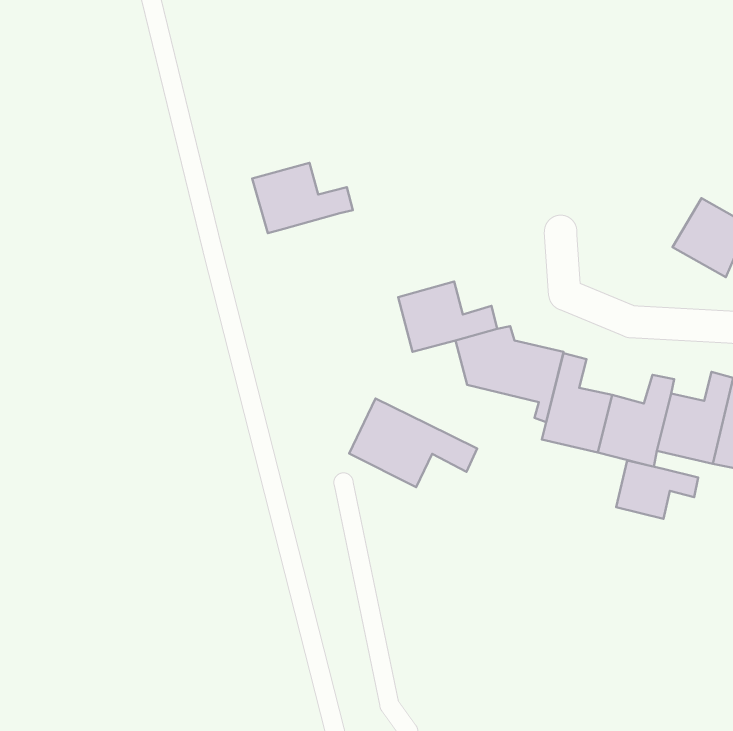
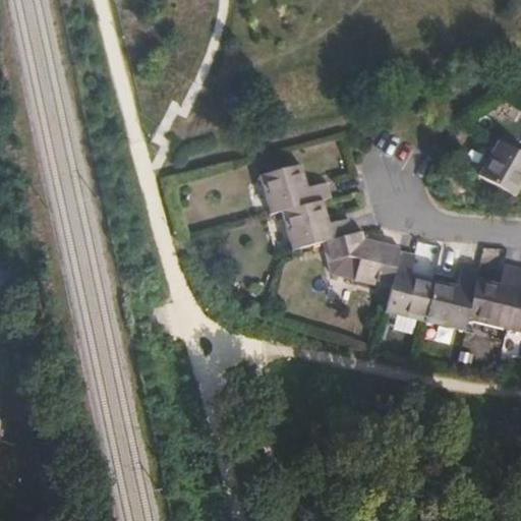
building: [252,163,353,233] -> [260,164,332,214]
building: [349,399,477,487] -> none
building: [616,460,698,519] -> none

